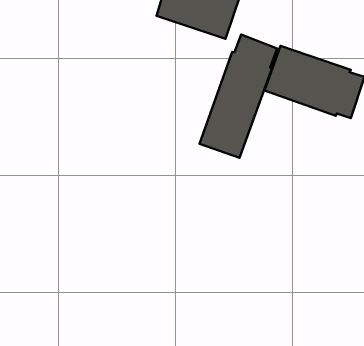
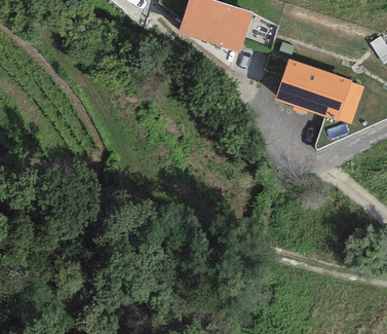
building: [200,35,277,158] -> none

